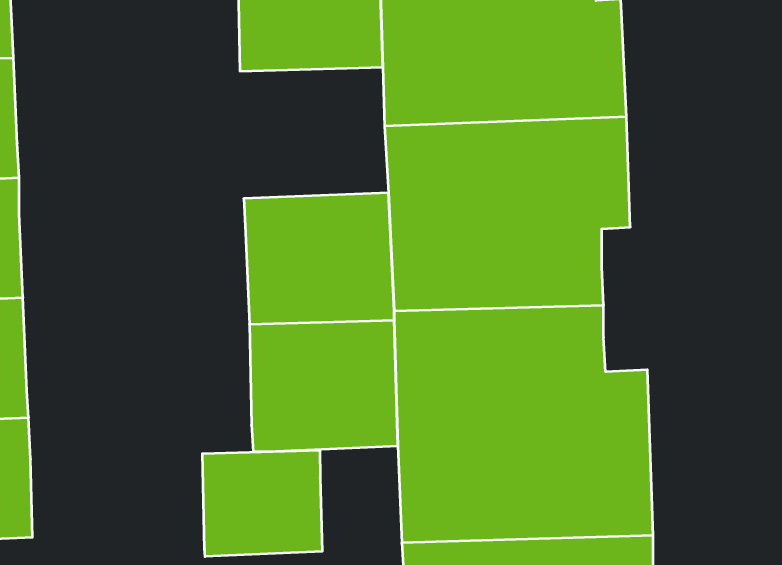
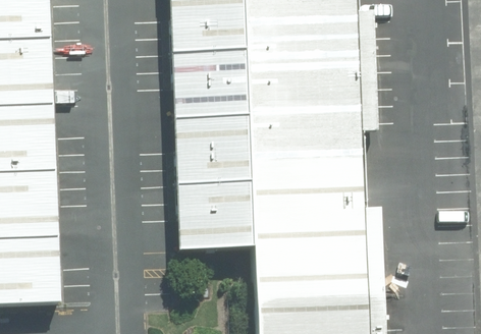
building: none -> [168,50,248,120]
building: [202,450,322,557] -> none

